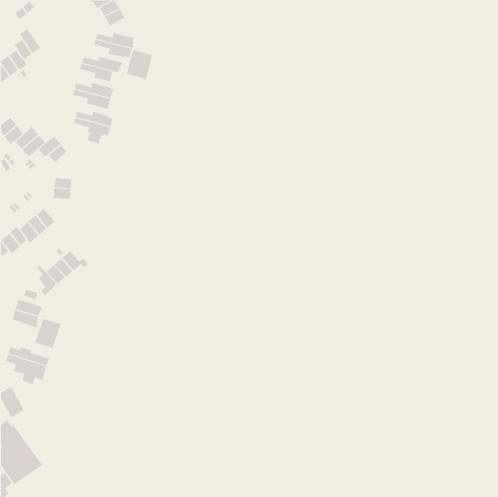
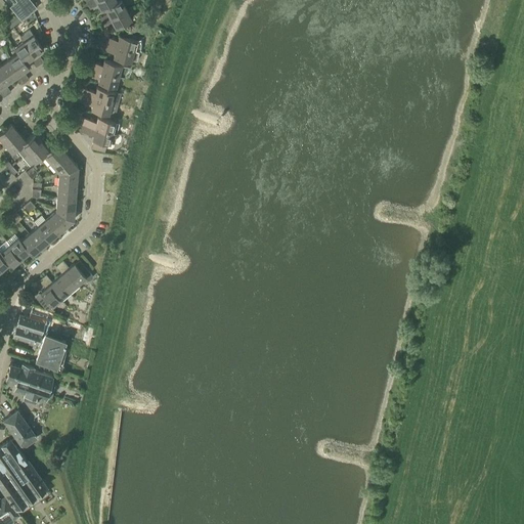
building: [126,49,153,80] -> none
building: none -> [58,161,79,189]
building: none -> [47,210,75,234]

